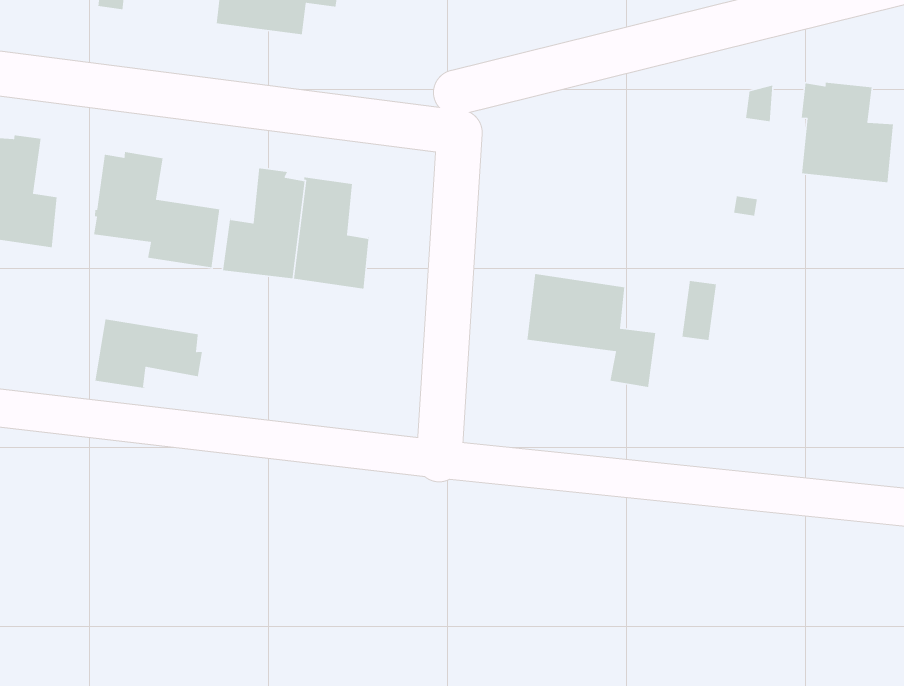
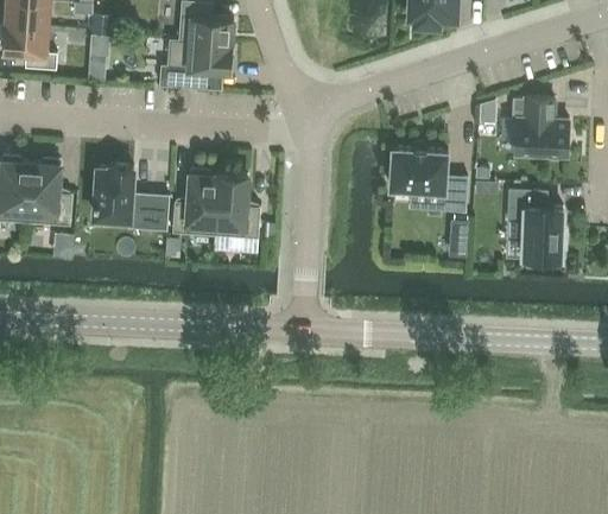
building: none -> [507,189,564,260]
building: [526,273,656,388] -> [390,147,467,211]
building: [94,319,203,389] -> none

